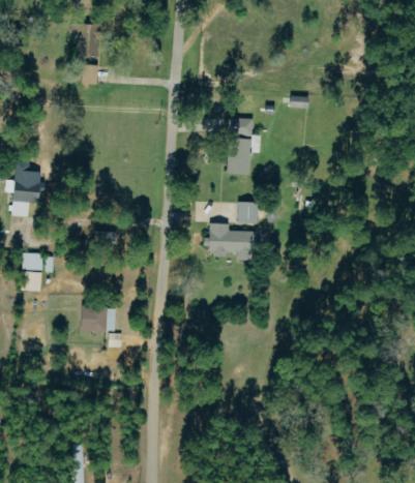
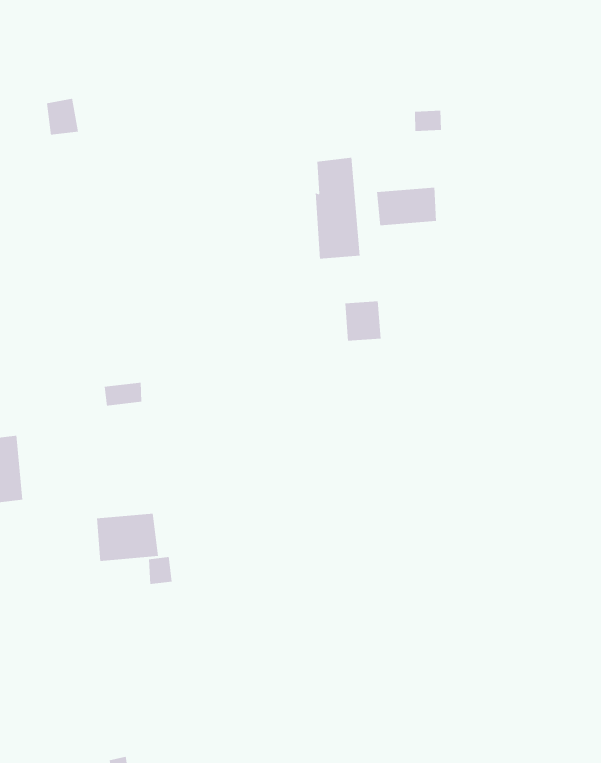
building: [69,25,99,57] -> none
building: none -> [376,187,436,226]
building: [213,222,254,260] -> none

